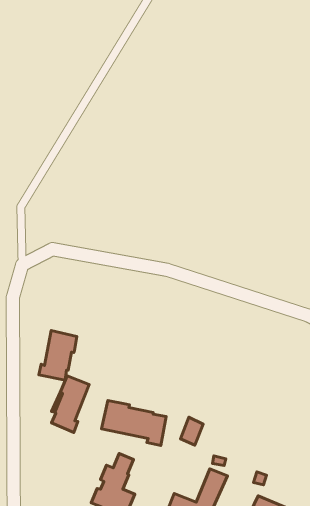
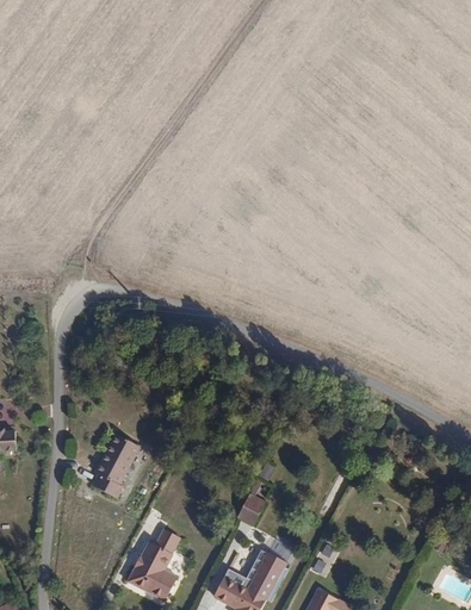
building: [39,330,77,380] -> none
building: [102,401,166,446] -> none

